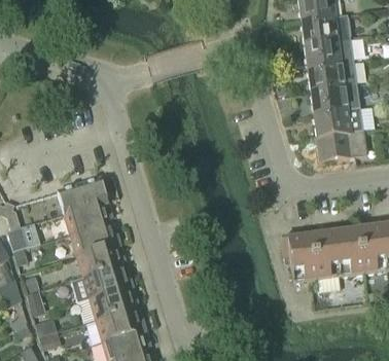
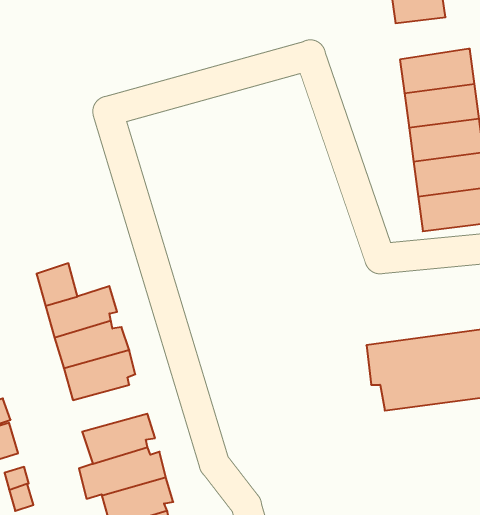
building: [299,15,349,45] -> none
building: [78,177,106,206] -> none
building: [68,265,132,301] -> none

